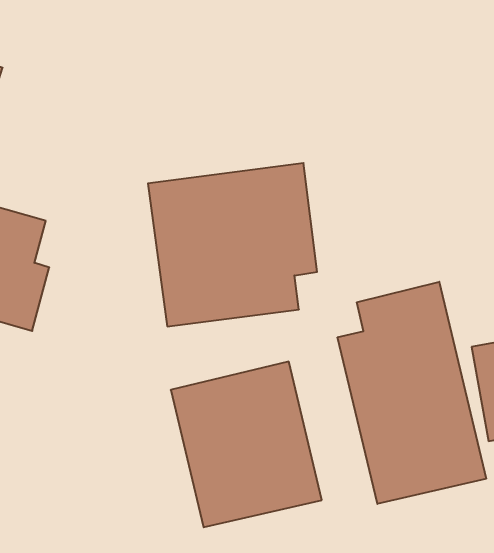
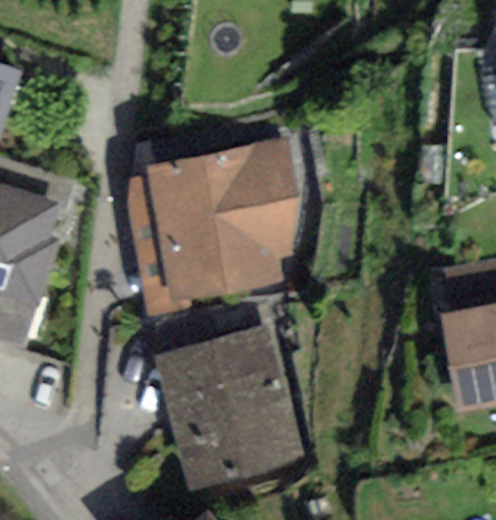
building: [338,282,486,504] -> none

